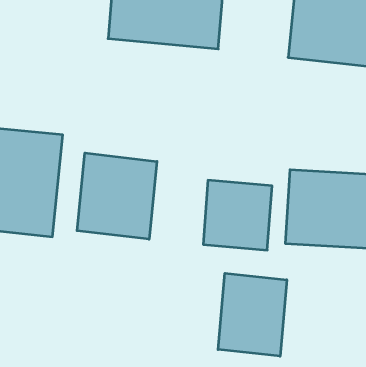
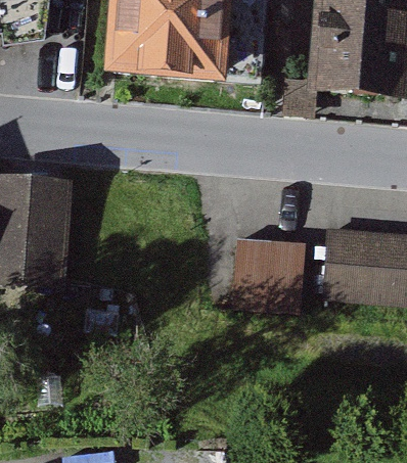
building: [77,153,157,239] -> none
building: [218,273,287,356] -> none

